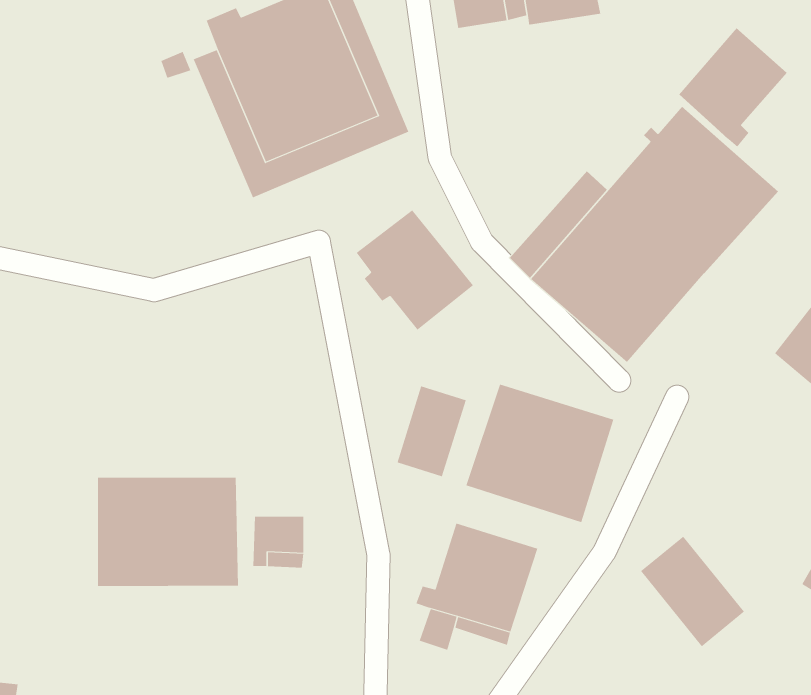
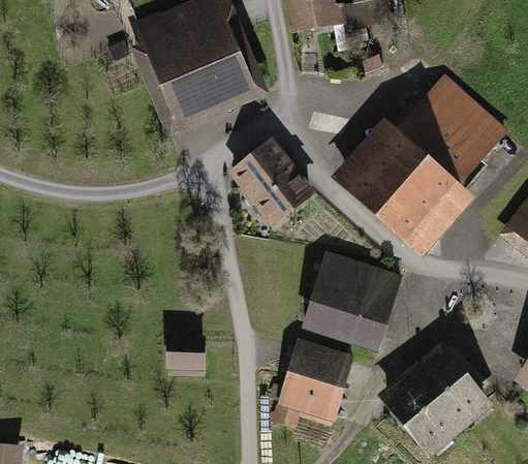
building: [678,27,788,147] -> none
building: none -> [408,183,473,254]
building: [397,386,466,477] -> none
building: [97,477,239,587] -> none
building: none -> [387,373,456,444]

